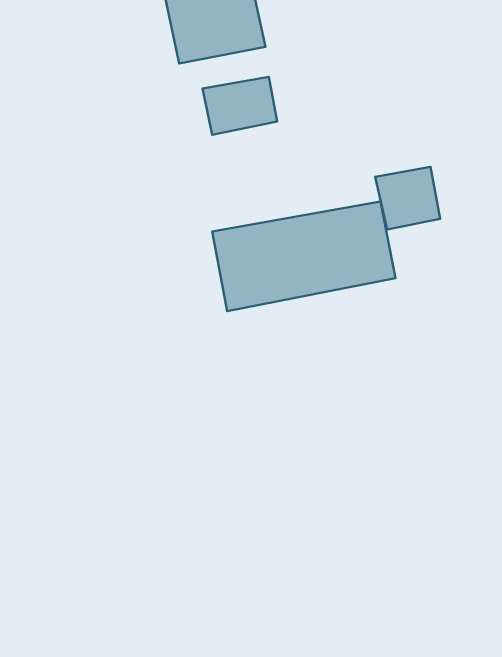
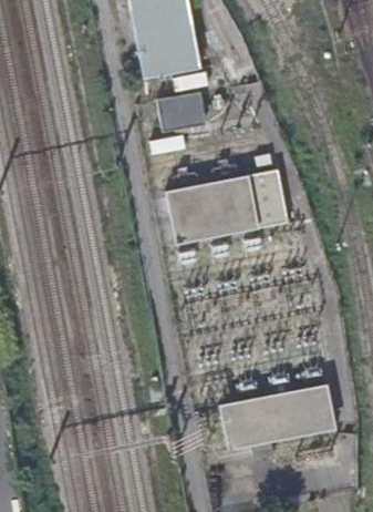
building: [375,167,440,229] -> none
building: none -> [218,383,334,450]

